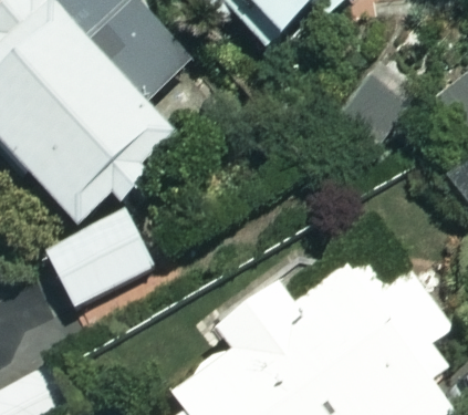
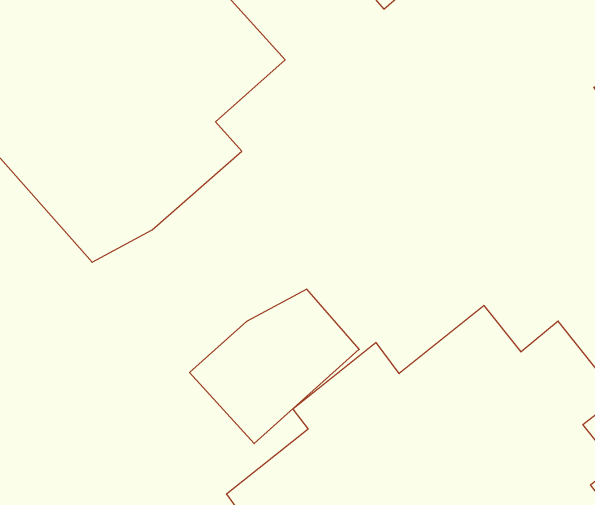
building: [37,201,158,312] -> [190,289,359,444]

